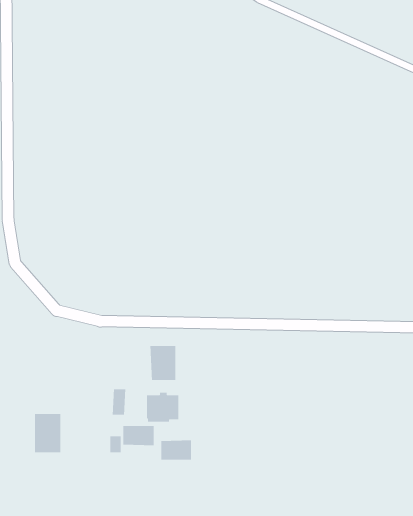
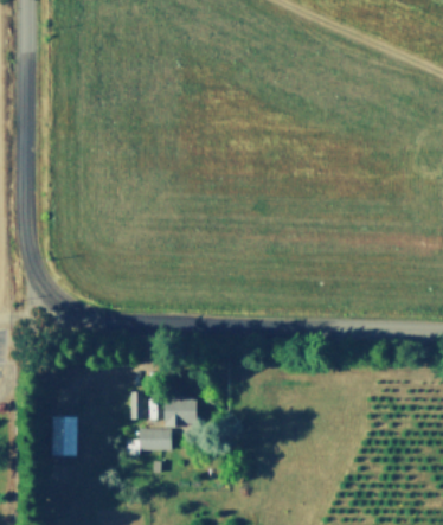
building: [150,345,176,381] -> none
building: [160,439,192,461] -> none

